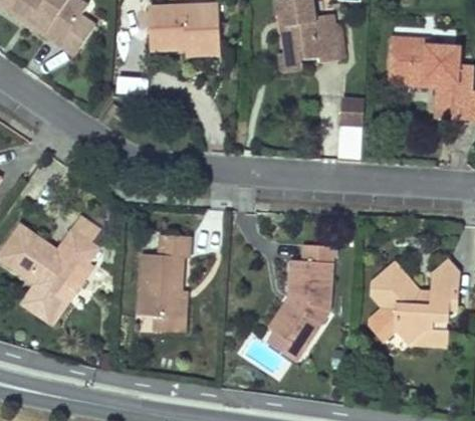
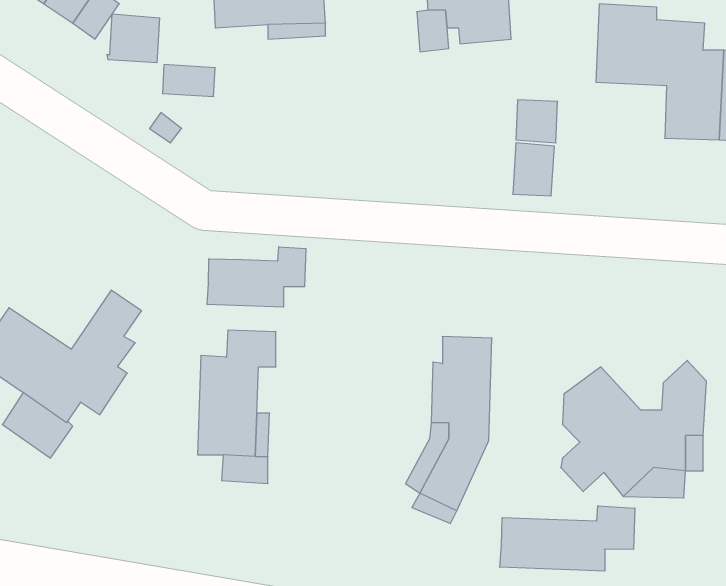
building: none -> [107,14,160,63]
building: none -> [207,247,306,307]
building: none -> [500,506,635,571]

